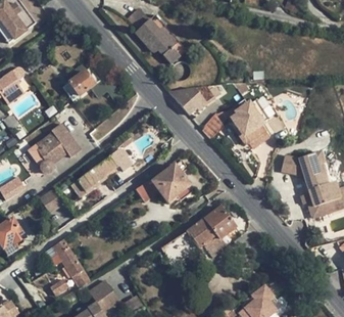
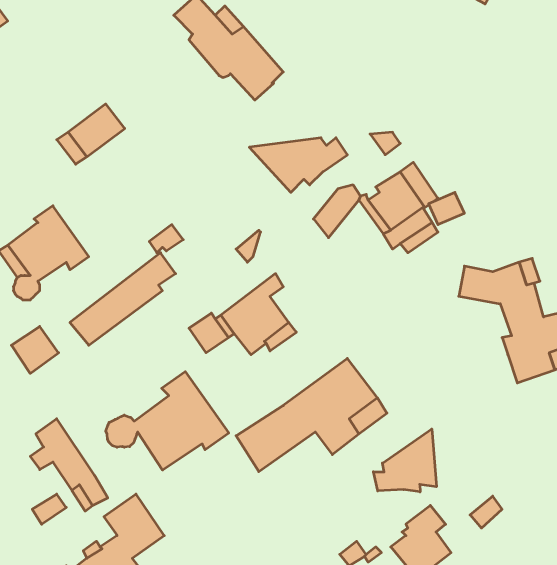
building: none -> [106,372,229,470]
building: none -> [373,429,436,492]

